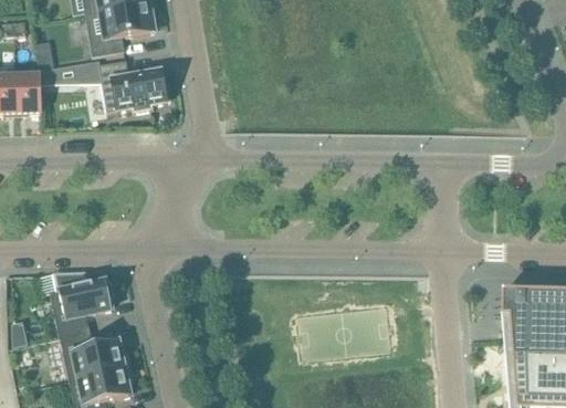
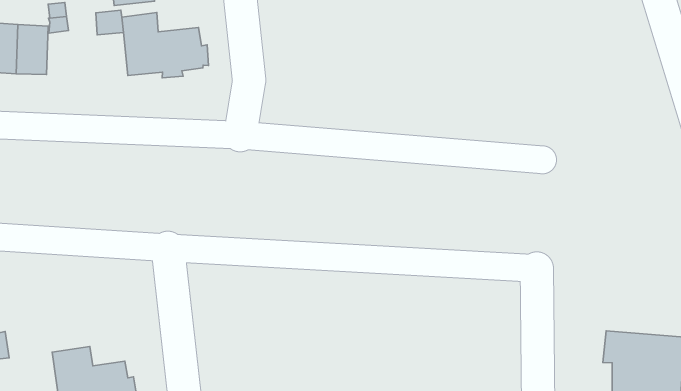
building: [50,270,113,335] -> none

